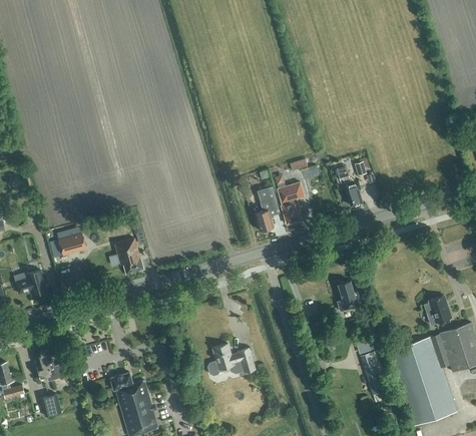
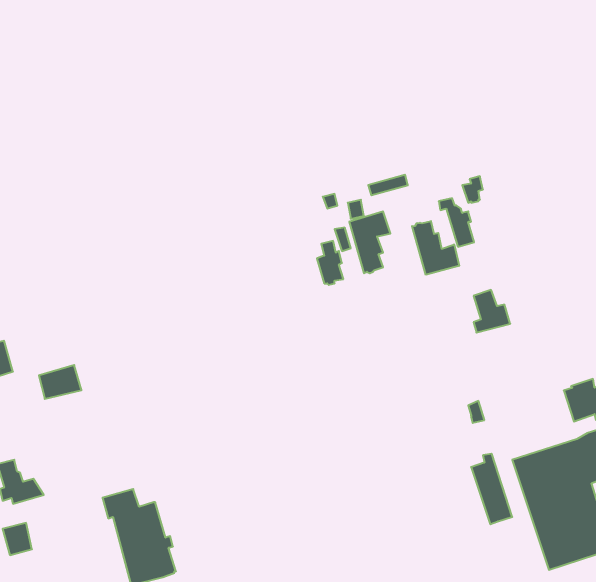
building: none -> [412,221,459,275]
building: [59,231,88,254] -> [39,365,82,399]
building: [114,238,143,274] -> none
building: [338,281,363,310] -> [474,290,510,333]
building: [207,343,255,375] -> none

